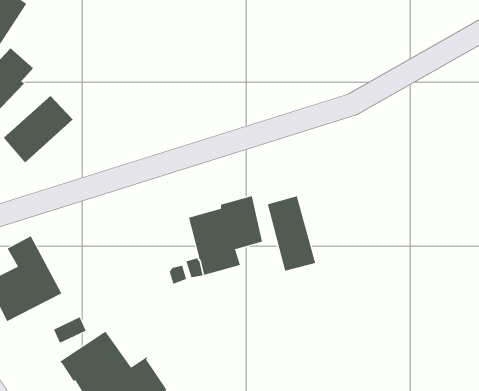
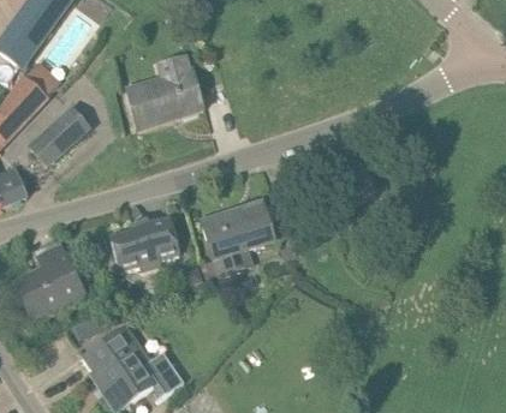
building: none -> [125,54,203,126]
building: [267,195,316,271] -> none
building: none -> [109,217,178,270]

